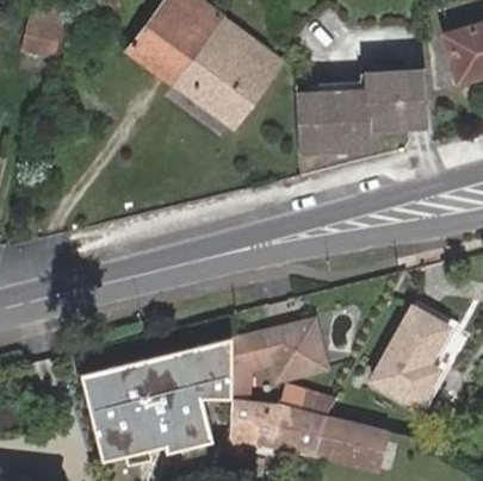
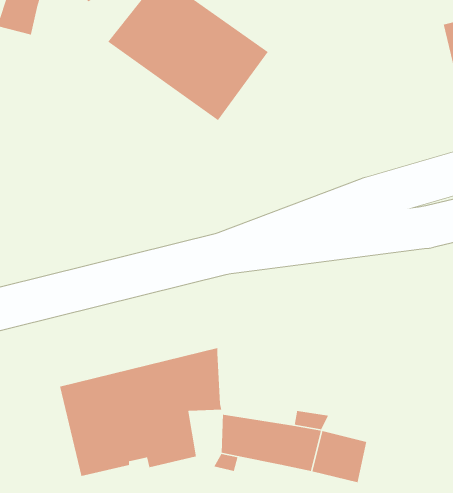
building: [297,67,432,148] -> none
building: [373,311,450,407] -> none
building: [233,325,320,393] -> none

